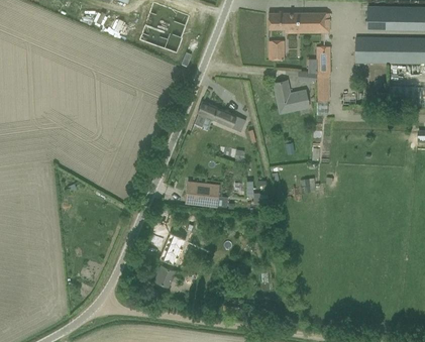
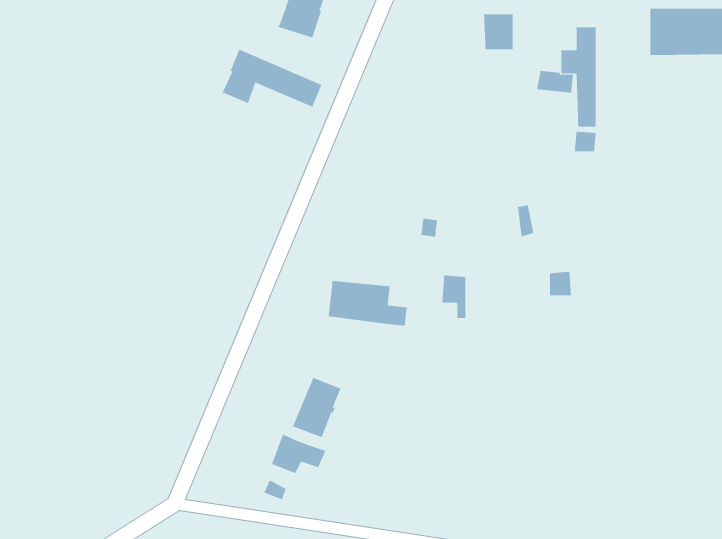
building: [274,81,308,113] -> none
building: [193,101,246,132] -> [222,49,322,108]

